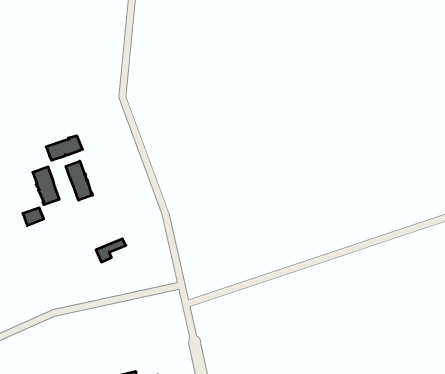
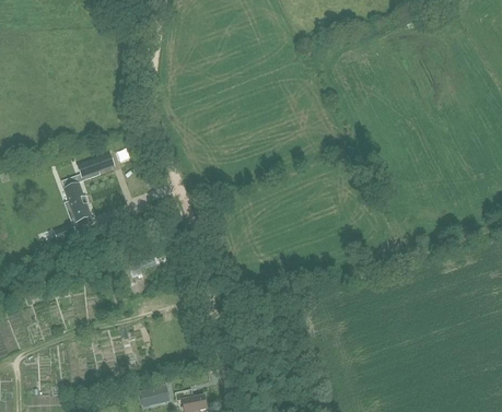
building: [66,161,93,200] -> none

